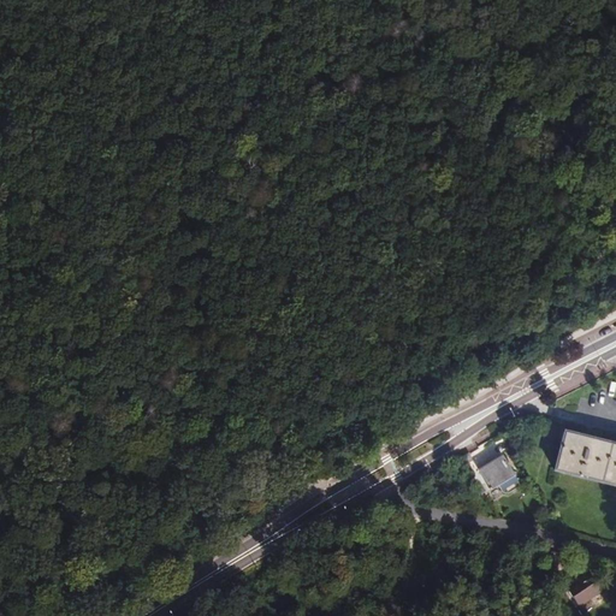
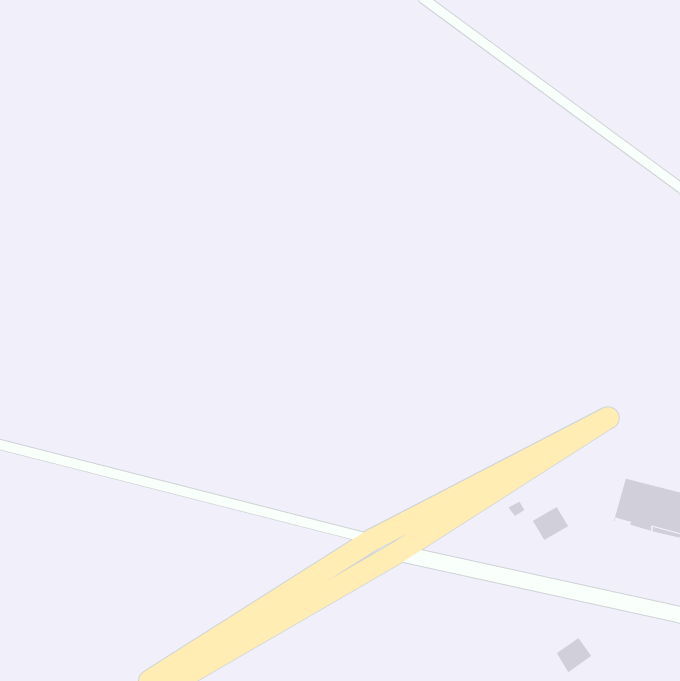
building: [570,573,603,605] -> [556,637,592,673]

